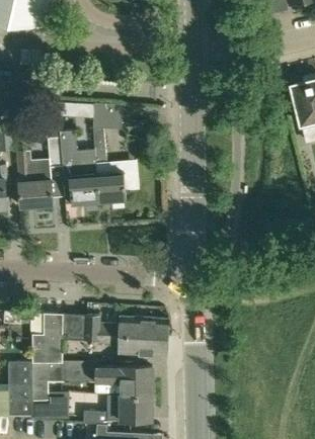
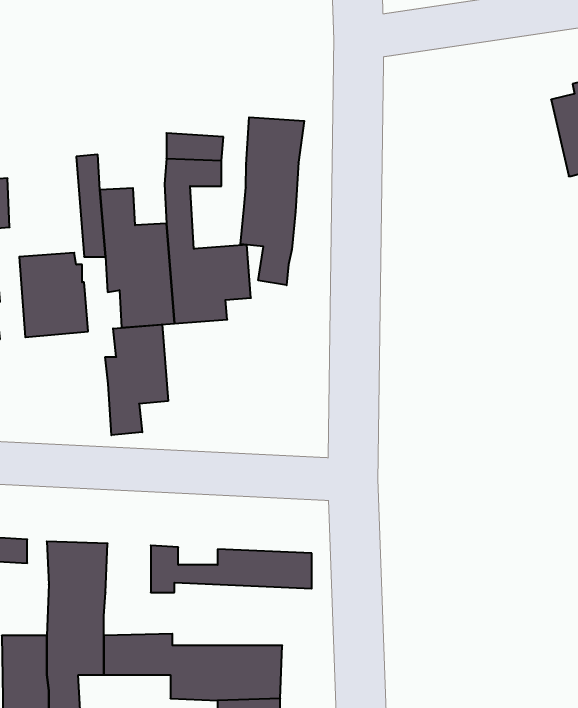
building: none -> [240,117,304,285]
building: none -> [105,324,168,435]
building: [62,315,85,340] -> none
building: [97,335,168,356] -> none

